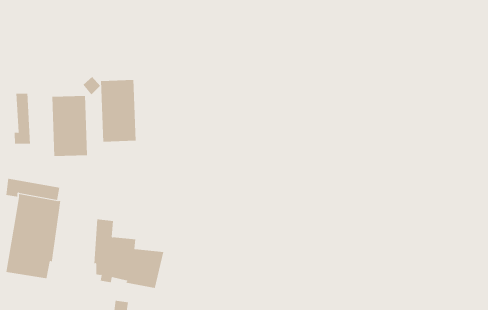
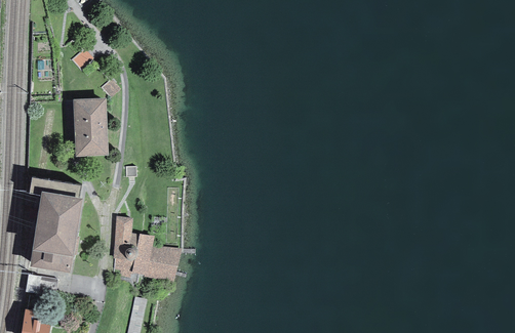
building: [101,79,136,142] -> none
building: [14,93,31,144] -> none

